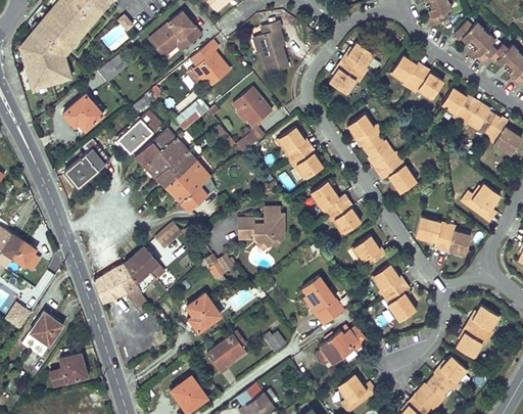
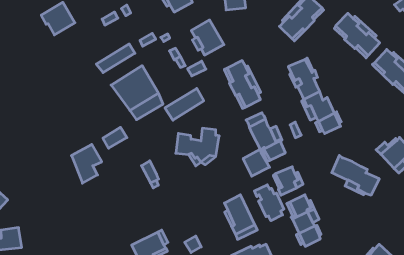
building: [116,112,160,153] -> none
building: [143,139,185,179] -> [165,88,204,120]
building: [65,140,110,188] -> none
building: none -> [243,149,270,176]
building: none -> [254,185,284,221]
building: [94,266,151,317] -> none
building: [186,294,220,338] -> none

